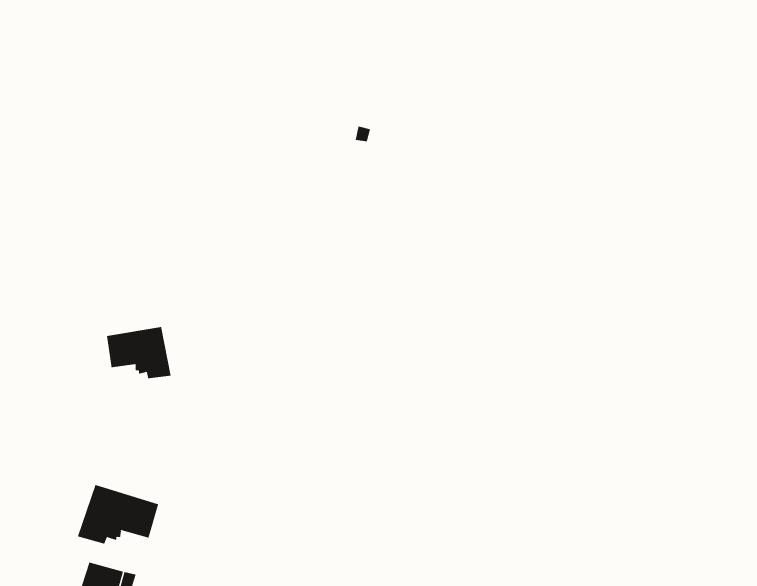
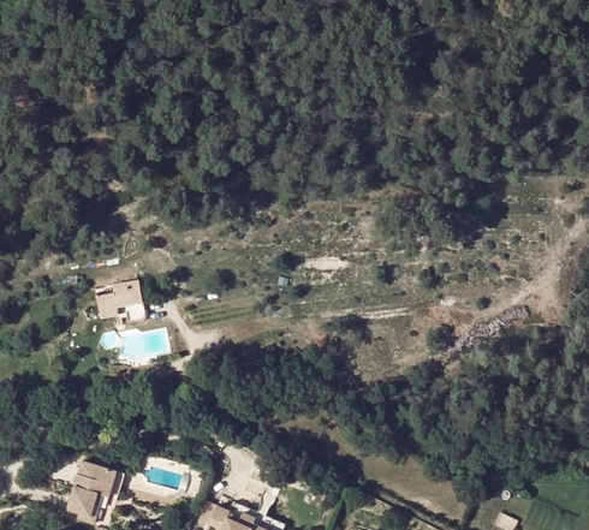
building: [77,484,159,545] -> none

